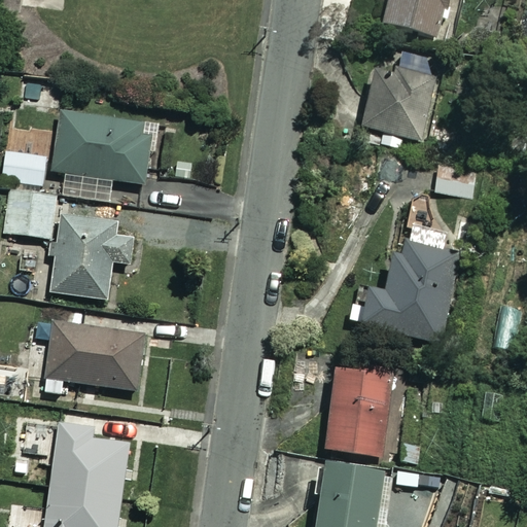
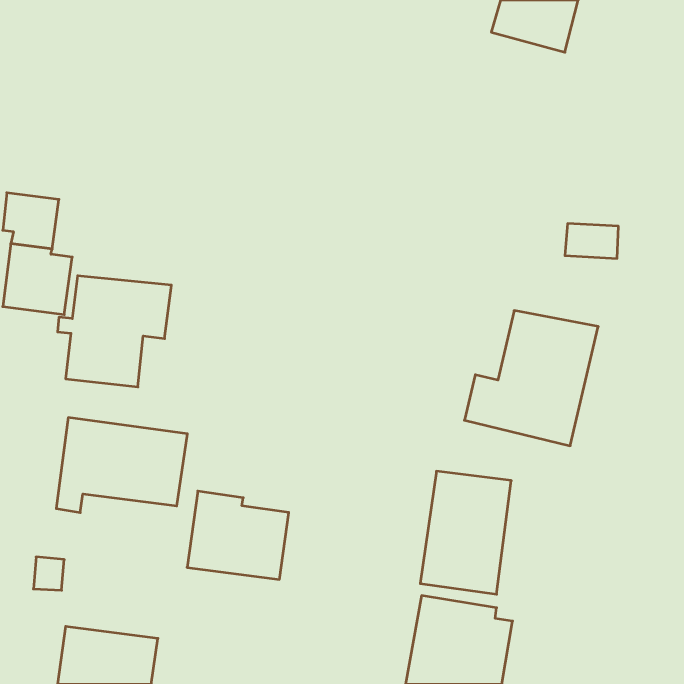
building: [357,50,438,144] -> none
building: [51,104,154,201] -> none
building: [50,423,129,491] -> [187,491,289,579]

